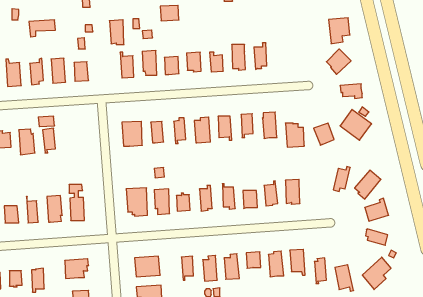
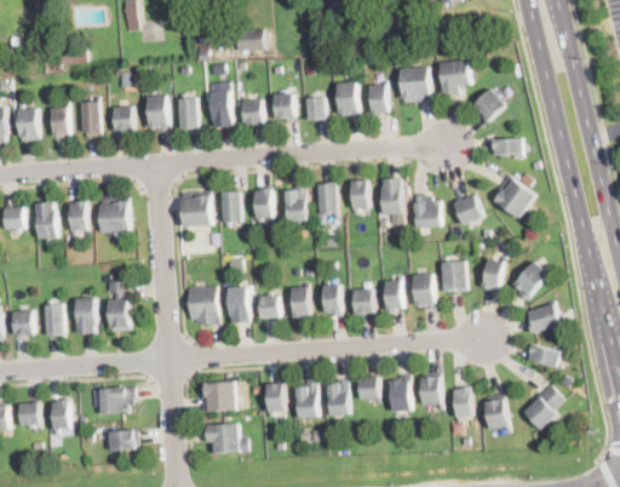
building: [329,18,350,44] -> [440,61,470,97]
building: [109,20,124,45] -> [148,96,168,131]
building: none -> [400,67,430,102]
building: none -> [99,197,130,233]
building: none -> [442,257,469,293]

